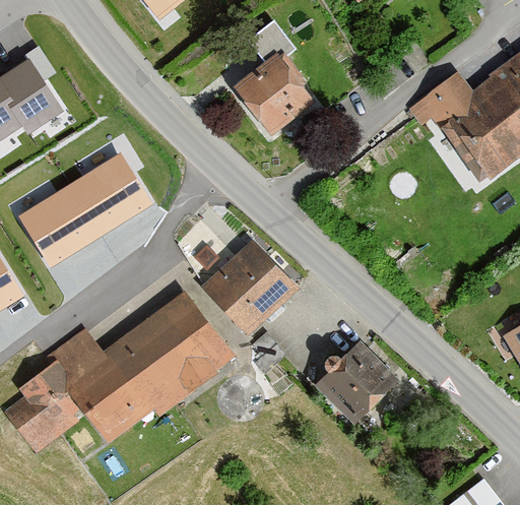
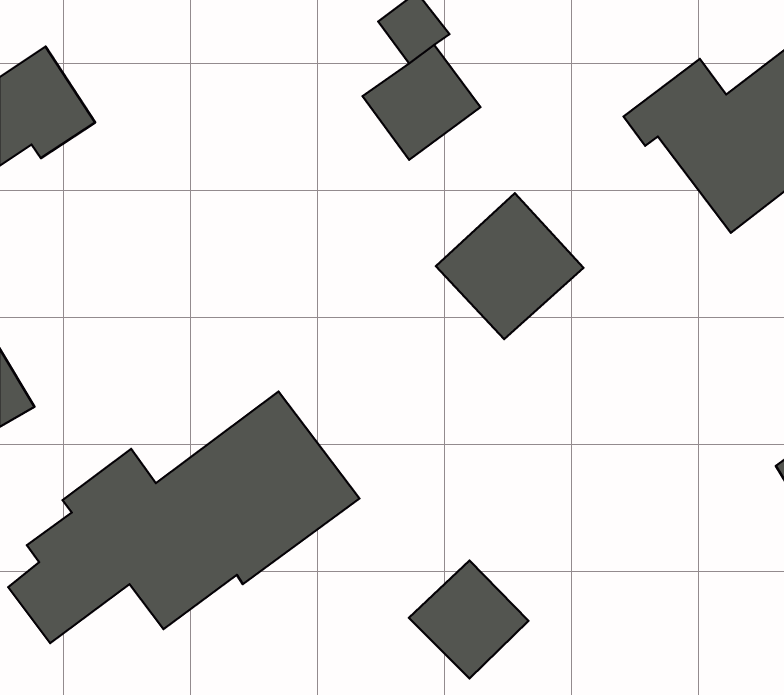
building: [16,151,152,267] -> none
building: [201,237,298,332] -> [436,193,583,339]
building: [314,343,392,421] -> [409,560,528,678]

